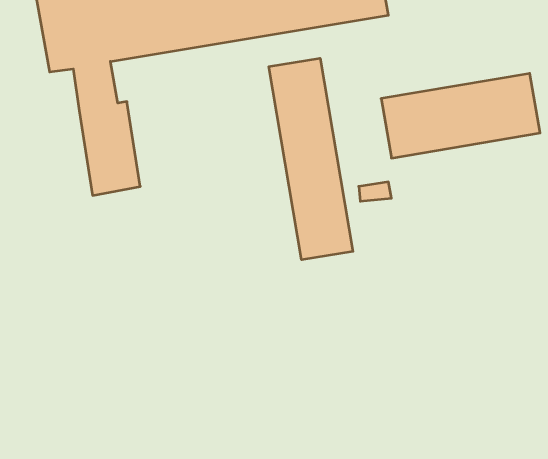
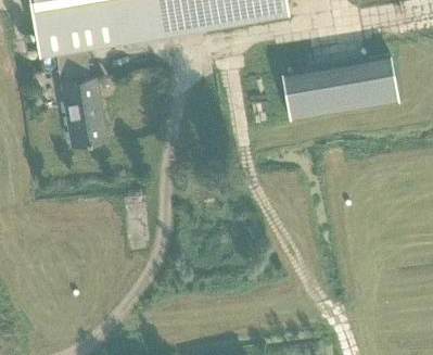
building: [269,58,353,260] -> none

